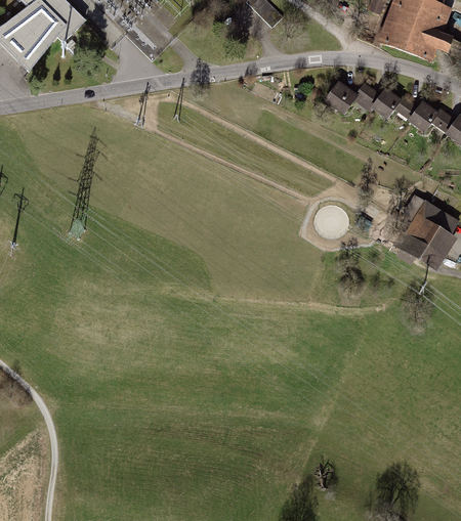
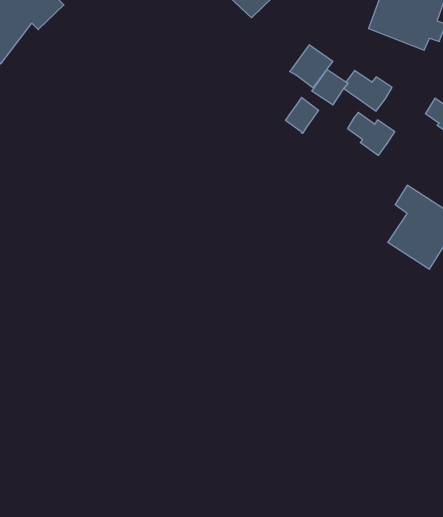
building: none -> [290,45,333,88]
building: [394,92,439,133] -> [348,112,395,155]
building: none -> [286,97,319,133]

